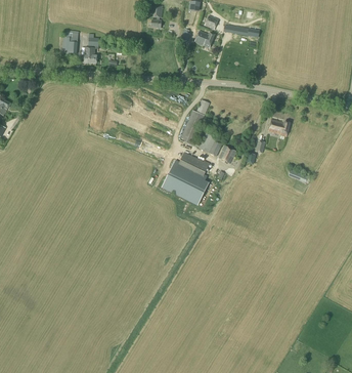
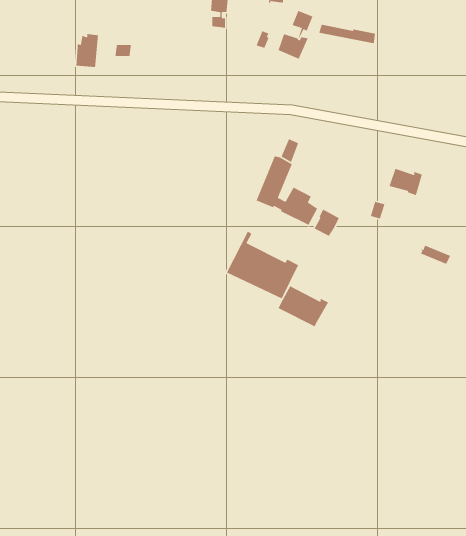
building: [175,152,209,179] -> [277,285,329,327]

